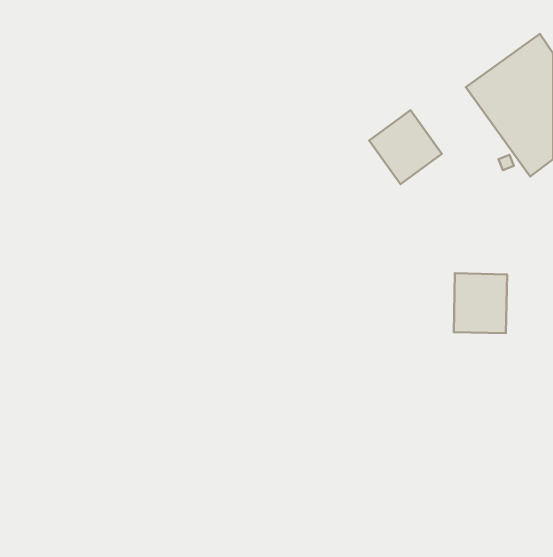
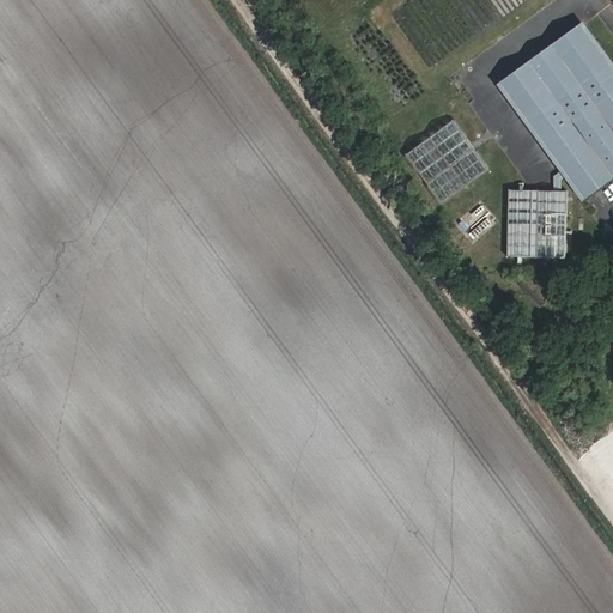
building: none -> [503,24,594,96]
building: [454,273,507,333] -> [506,190,565,256]

